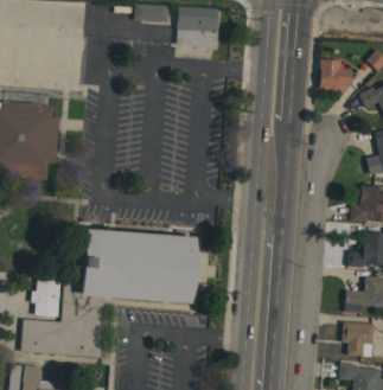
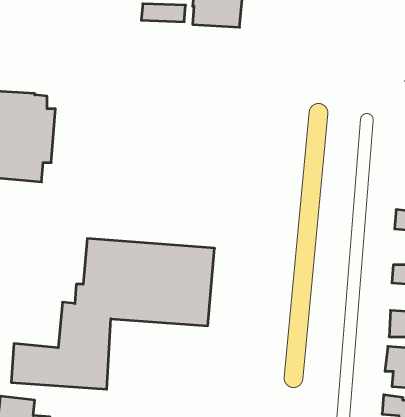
building: [319,59,351,87] -> none
building: [31,279,60,317] -> none

